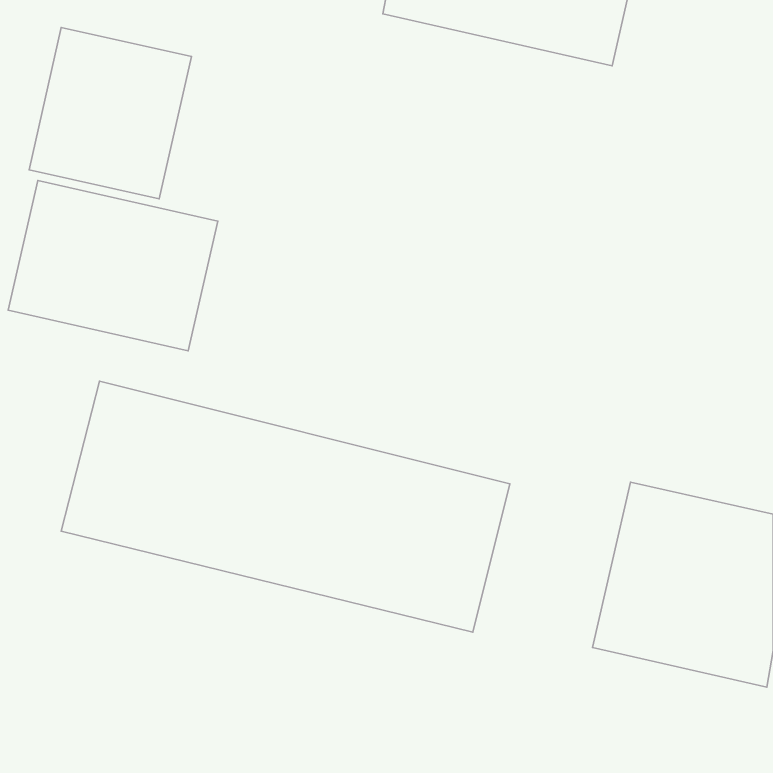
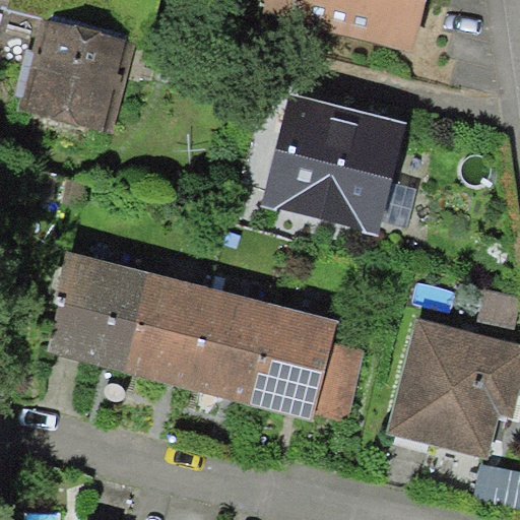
building: none -> [268,98,406,231]
building: [8,180,218,351] -> none

